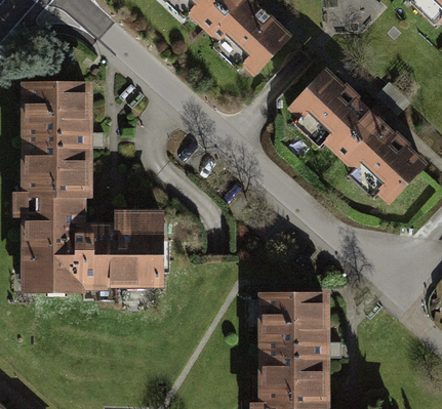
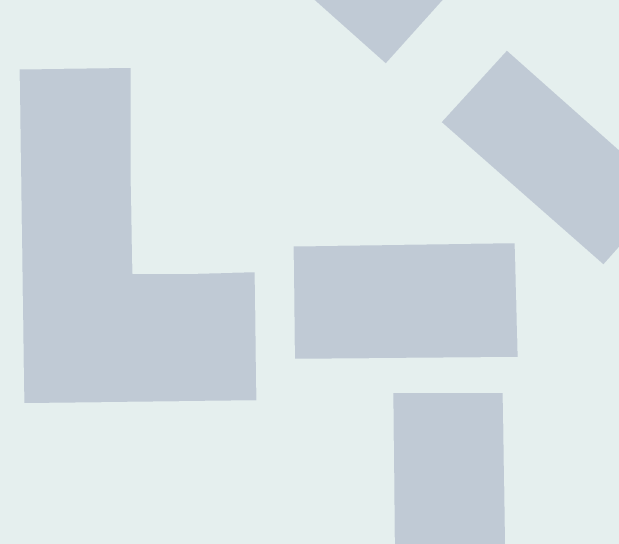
building: none -> [293,242,518,360]

